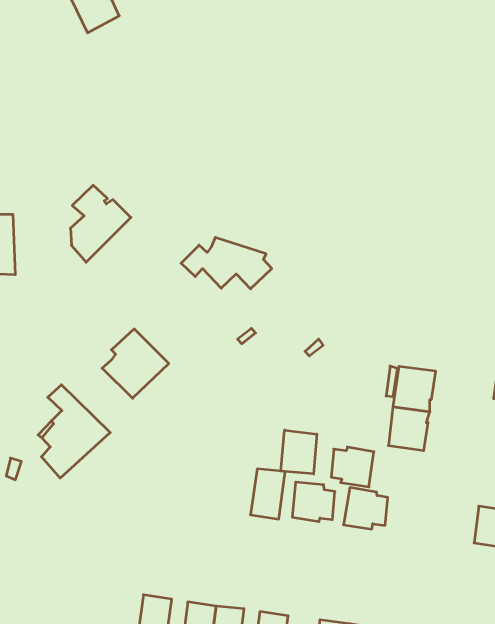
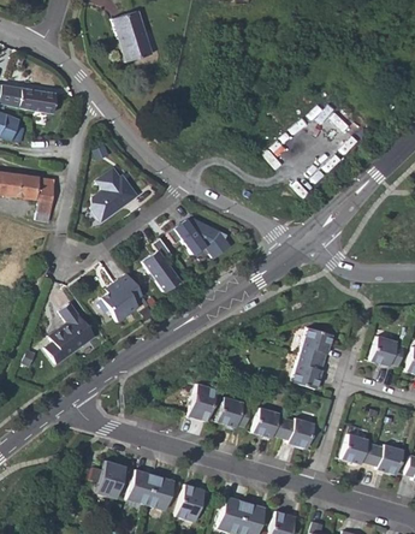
building: none -> [143,237,179,291]
building: [281,430,317,474] -> none
building: [331,447,374,487] -> [281,417,314,447]

